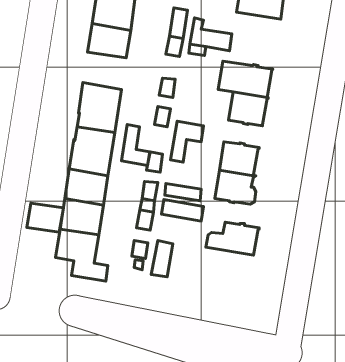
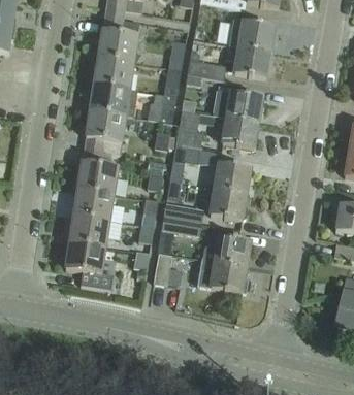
building: none -> [226,45,270,77]
building: none -> [90,81,129,116]
building: [121,125,150,165] -> [175,111,201,149]
building: [27,203,63,232] -> none
building: none -> [196,259,247,293]

